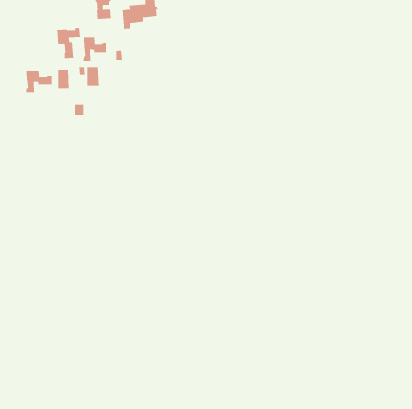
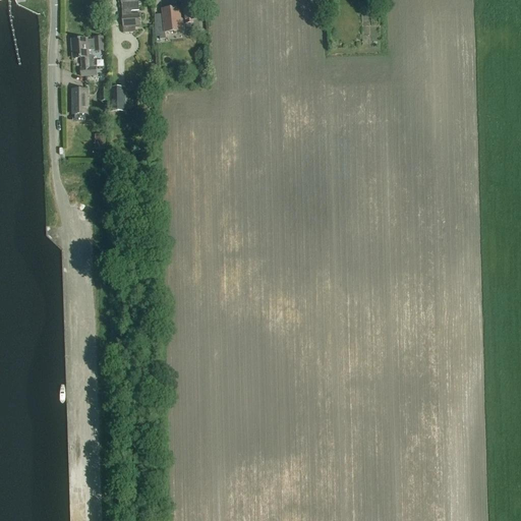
building: [83,37,106,62] -> none
building: [26,70,52,93] -> none

